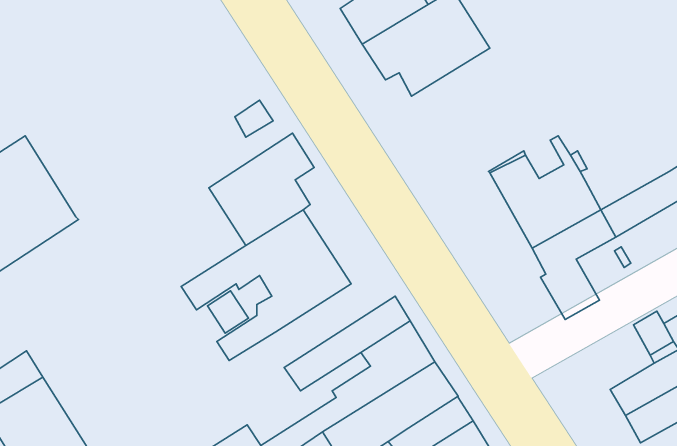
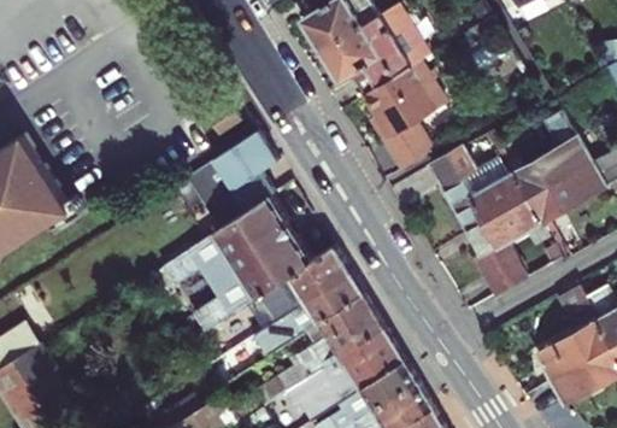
building: none -> [363,63,443,171]
building: none -> [516,110,589,198]
building: none -> [243,248,348,330]

